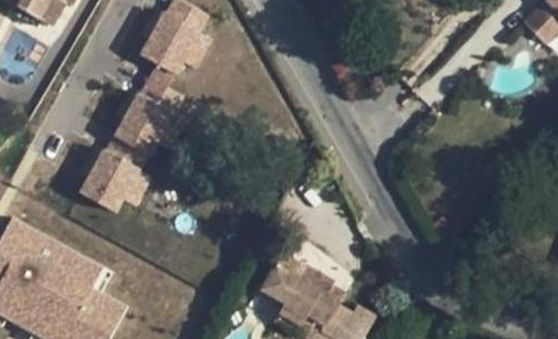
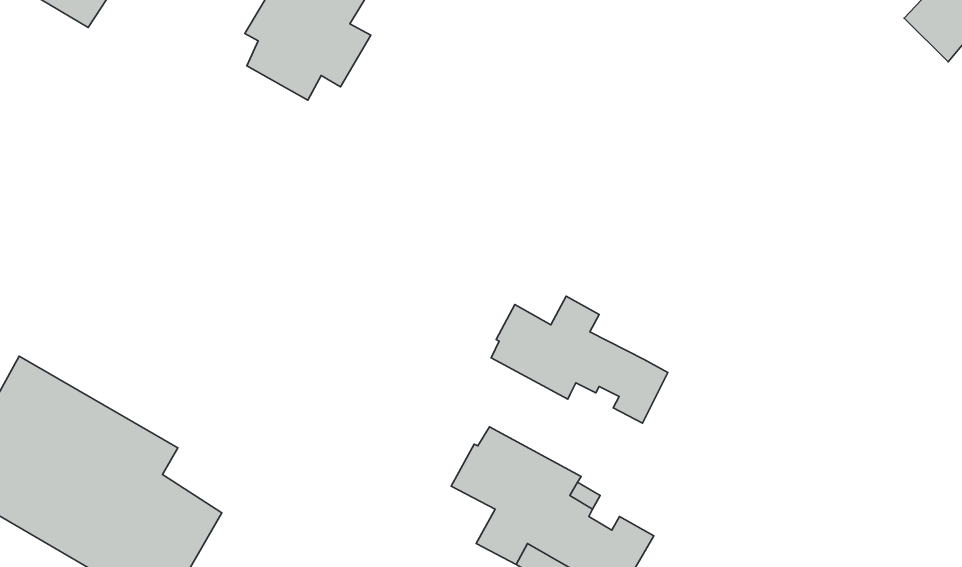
building: [81,61,189,208] -> none
building: none -> [491,296,668,423]

